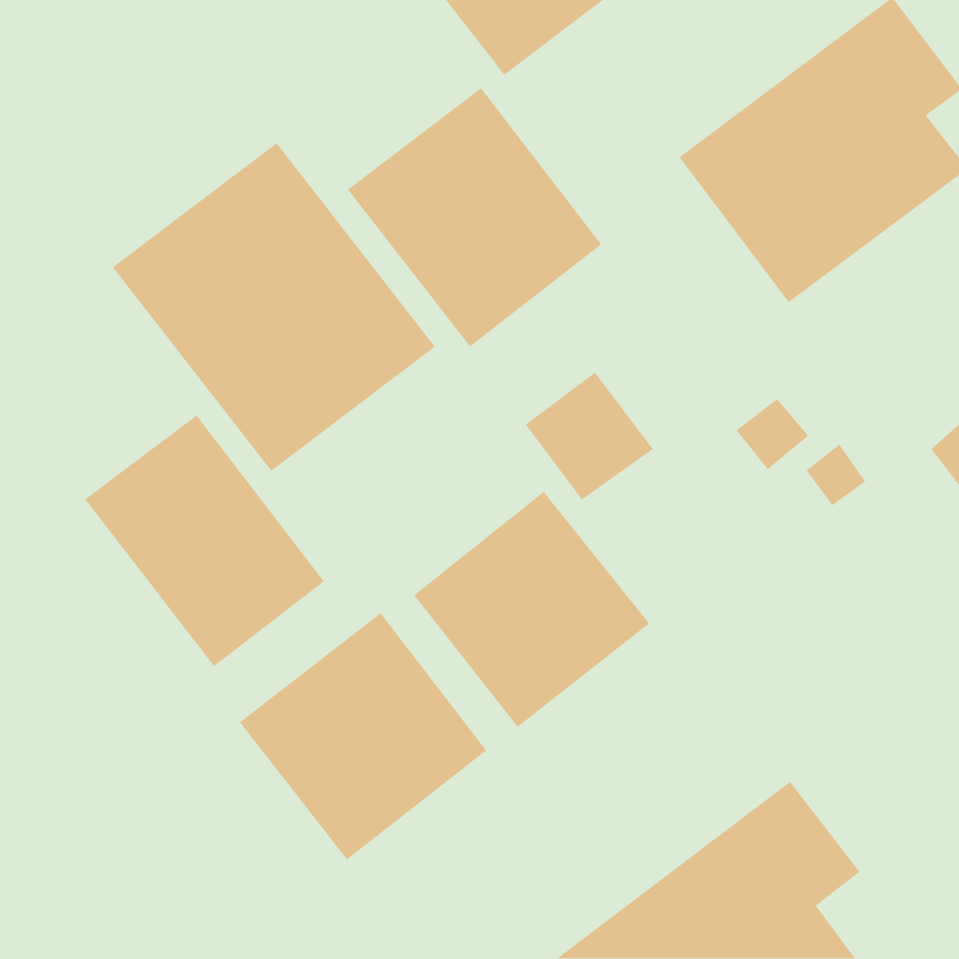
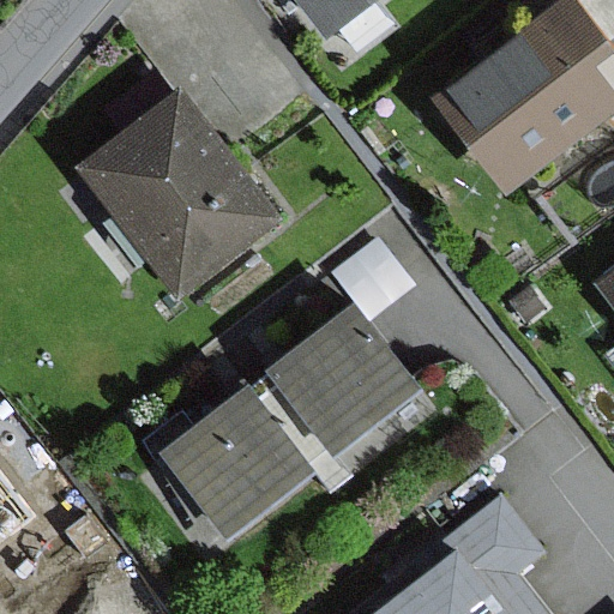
building: [347,87,602,348] -> none
building: [84,414,325,667] -> none

